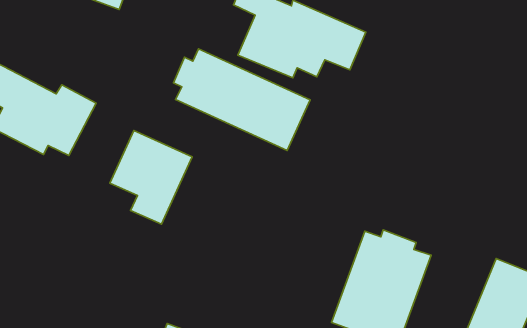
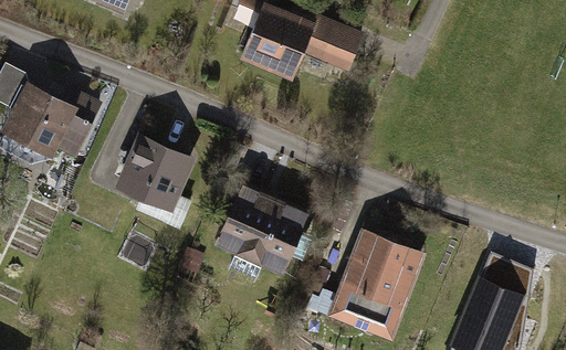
building: [174,49,310,150] -> none
building: none -> [216,182,311,283]

